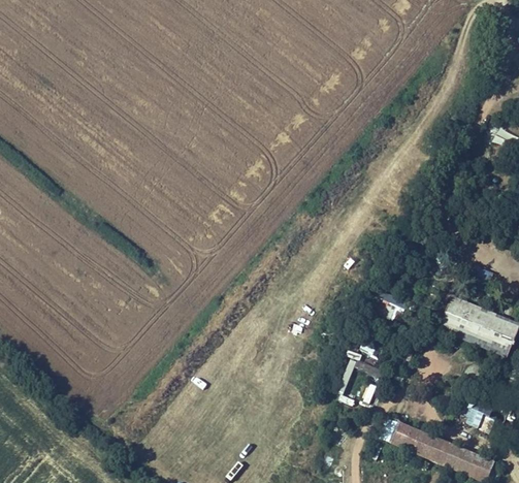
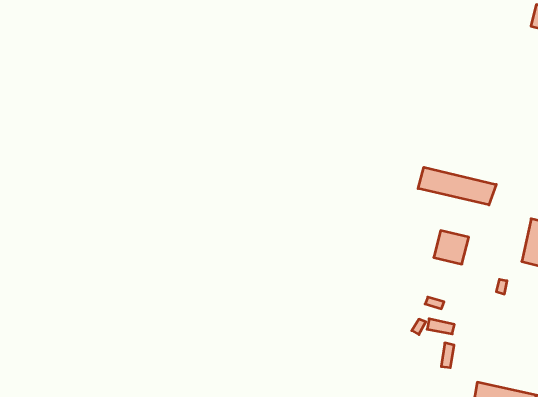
building: none -> [418,167,496,205]

